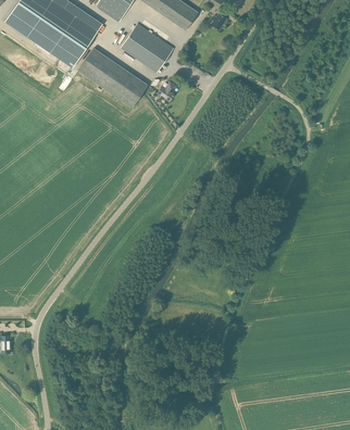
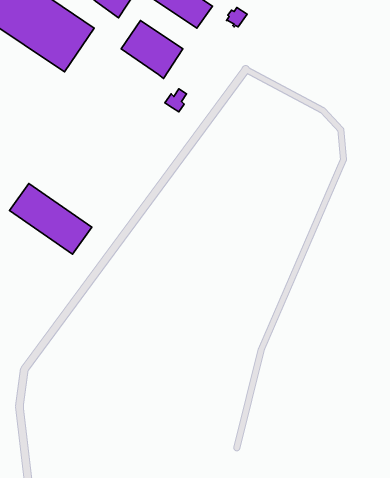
building: [78,47,148,106] -> [9,183,92,254]

